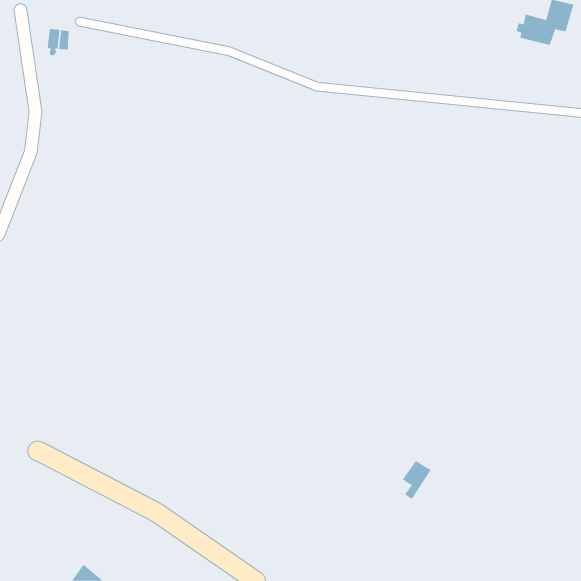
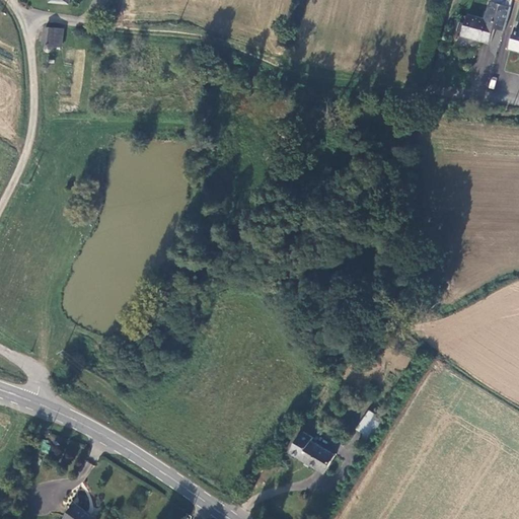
building: none -> [290,430,335,470]

